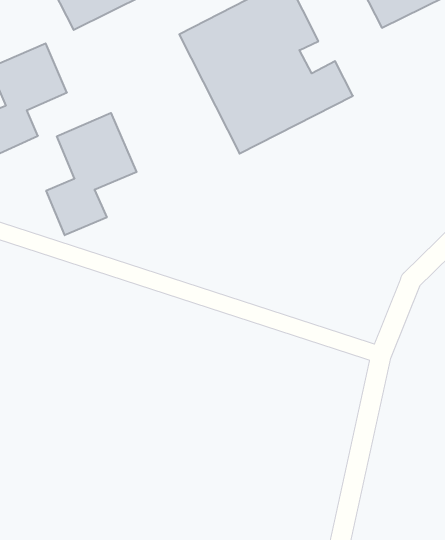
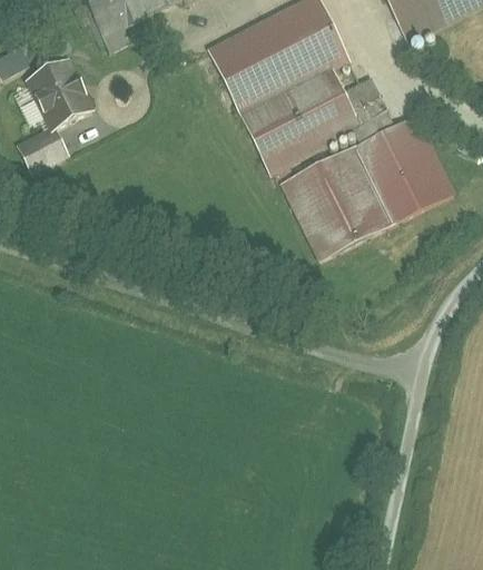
building: none -> [277,108,457,257]
building: [46,113,137,235] -> none

